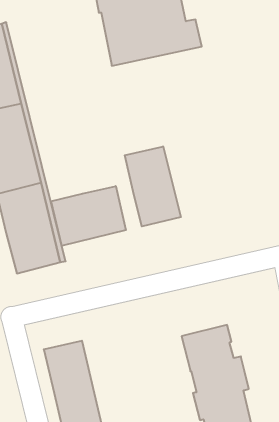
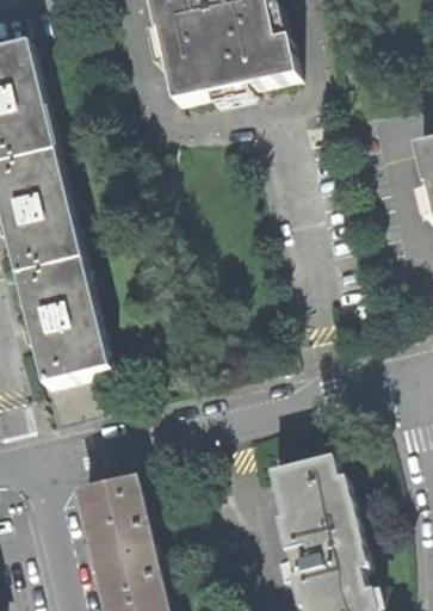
building: [125,146,181,226] -> none
building: [51,186,126,246] -> none

